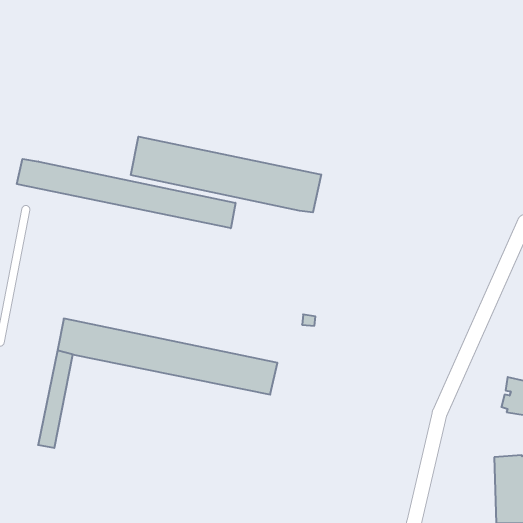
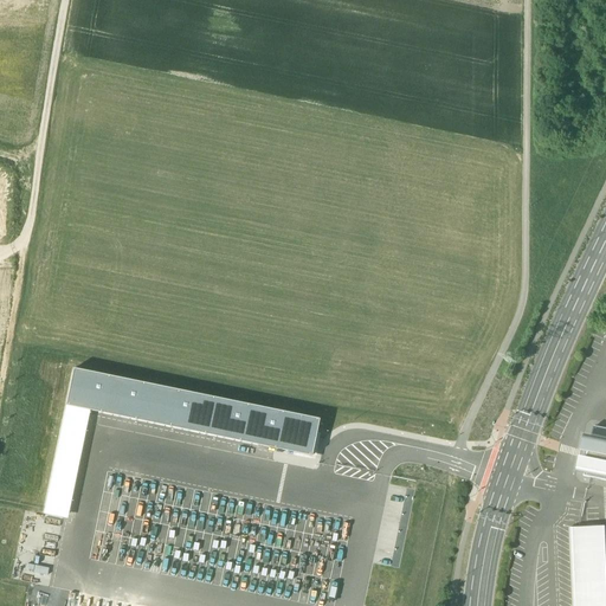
building: [131,137,321,212] -> none
building: [17,159,235,228] -> none

